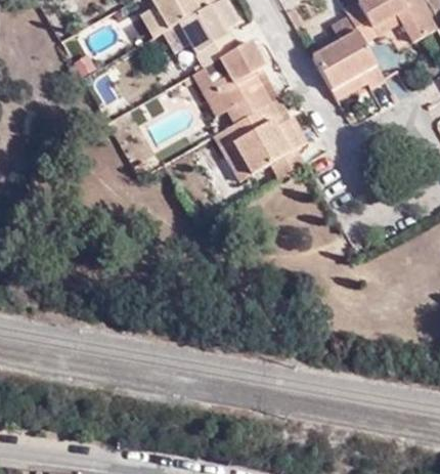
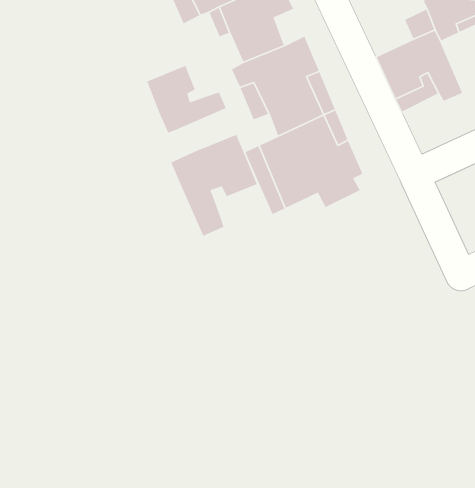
building: none -> [146,65,227,134]
building: none -> [170,134,258,237]

